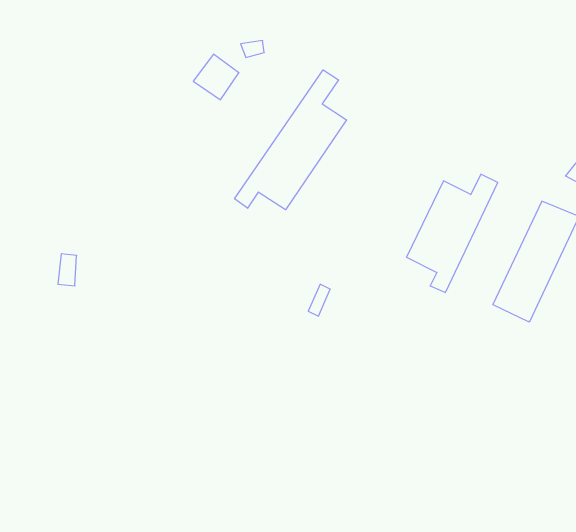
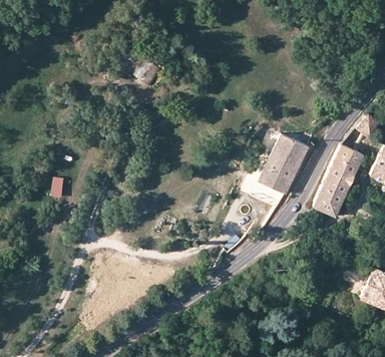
building: [235,70,346,210] -> none

